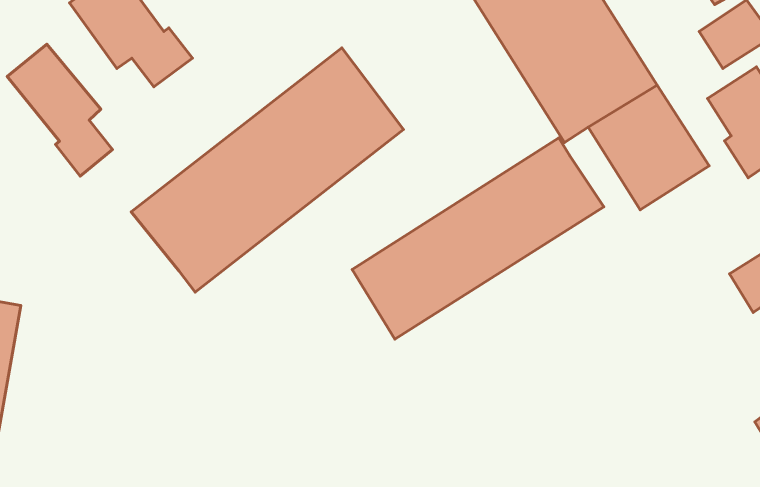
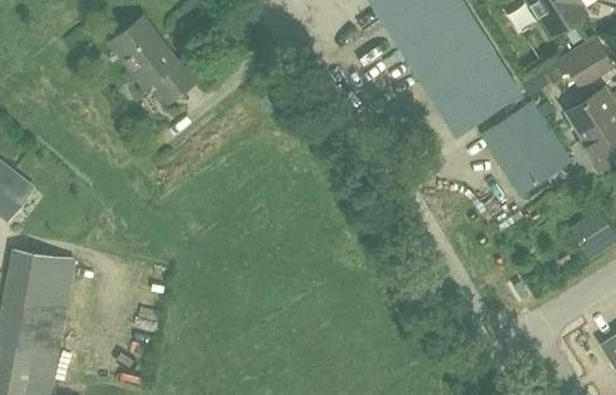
building: [7,44,113,176] -> none
building: [131,48,404,292] -> none
building: [352,138,604,339] -> none

